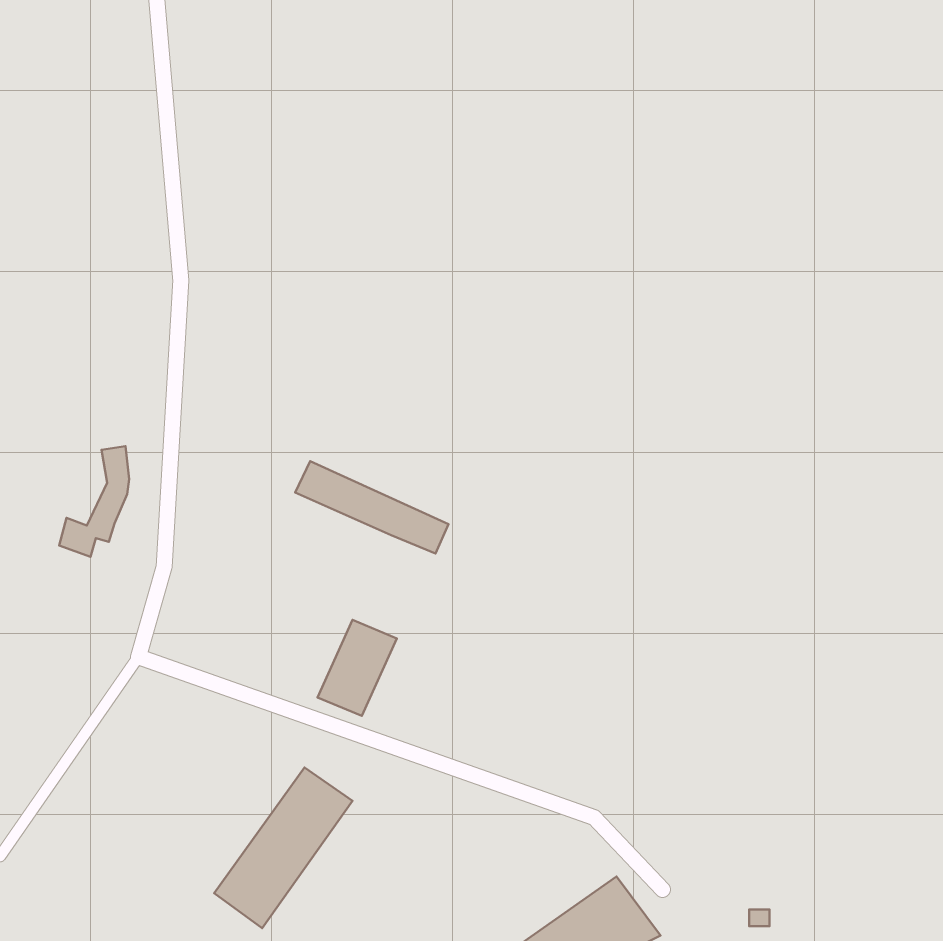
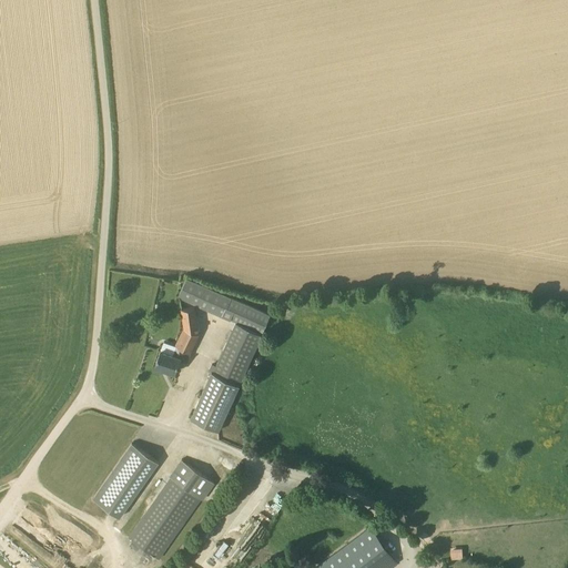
building: [59,446,129,557] -> [155,307,197,374]
building: none -> [213,323,261,384]
building: none -> [93,444,158,518]

